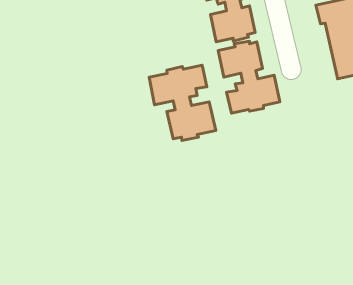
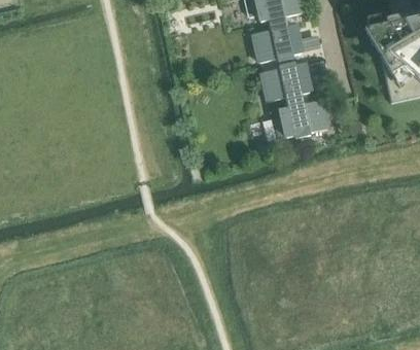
building: [149,65,216,140] -> none

